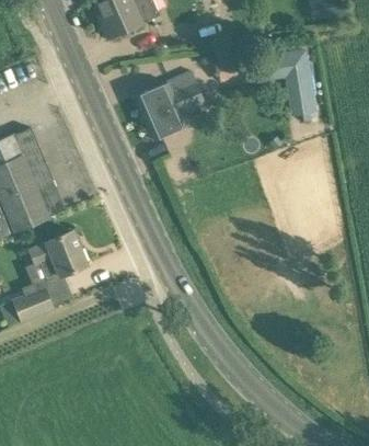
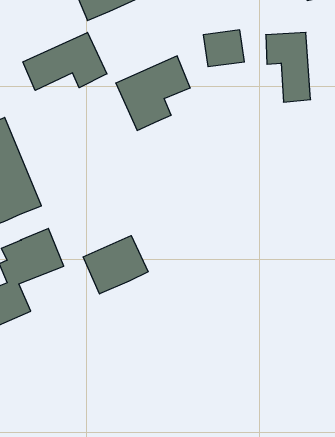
building: none -> [23,32,107,90]
building: none -> [83,236,148,294]

